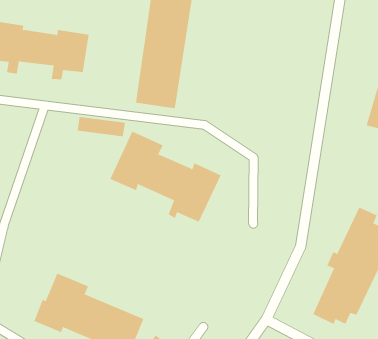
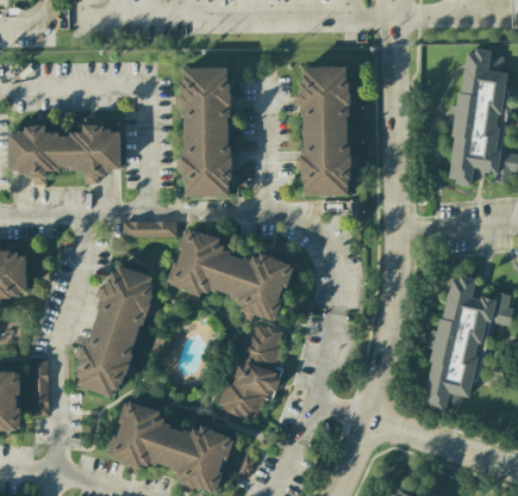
building: none -> [294,66,350,196]
building: none -> [74,264,156,396]
building: none -> [219,322,283,420]

